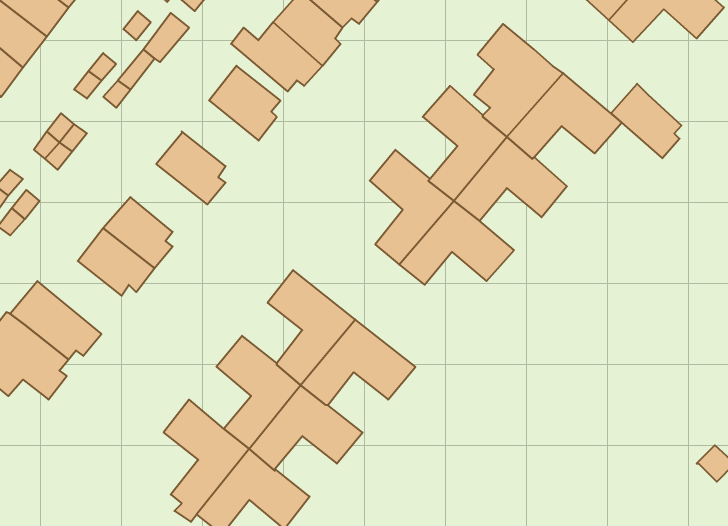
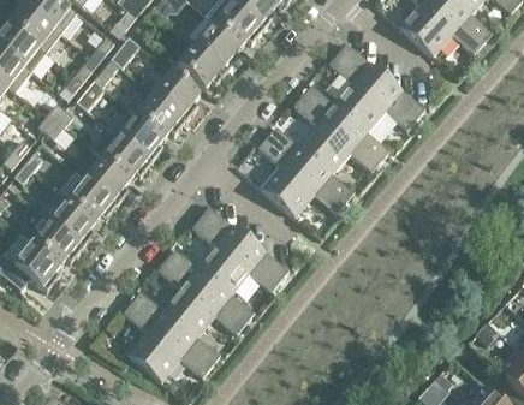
building: [611,84,681,158] -> none
building: none -> [127,94,185,137]
building: none -> [90,127,151,180]
building: none -> [40,192,95,248]

